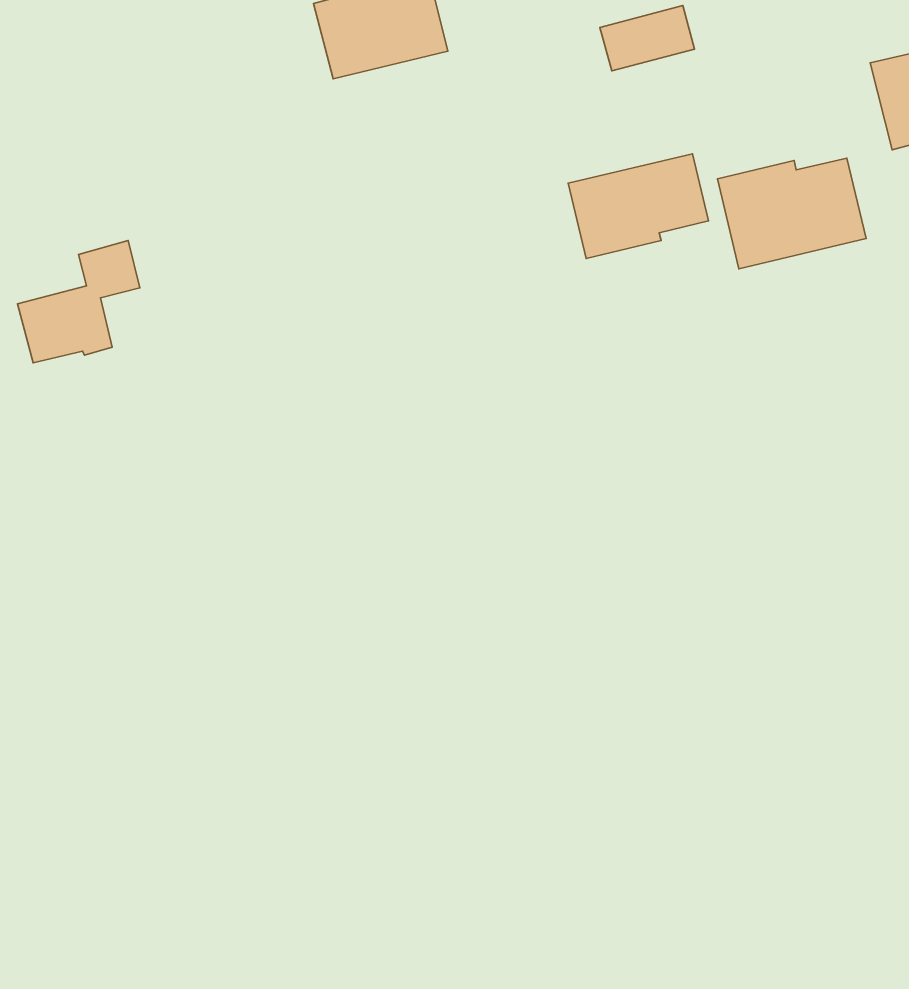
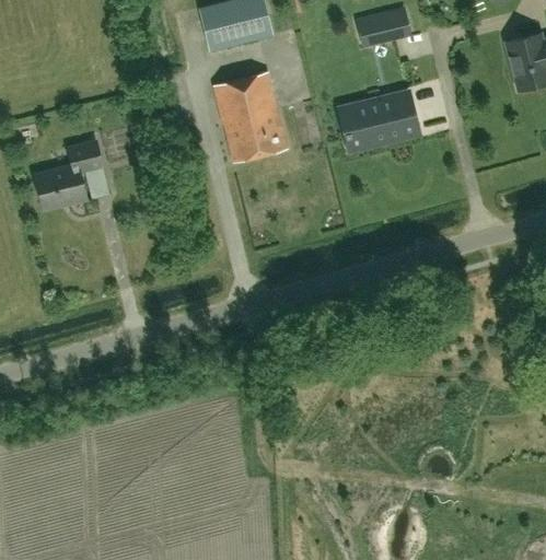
building: none -> [214,72,288,162]
building: [717,158,866,269] -> none

